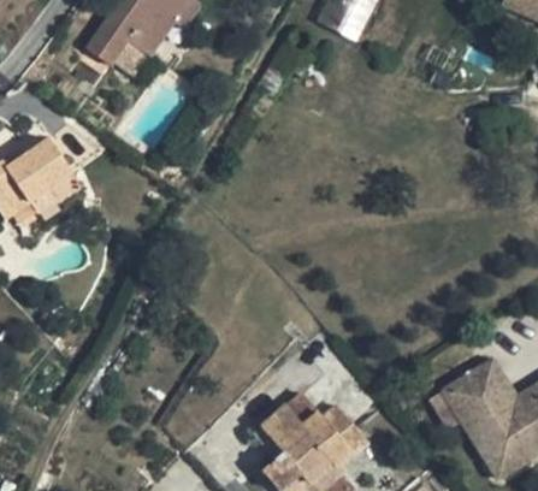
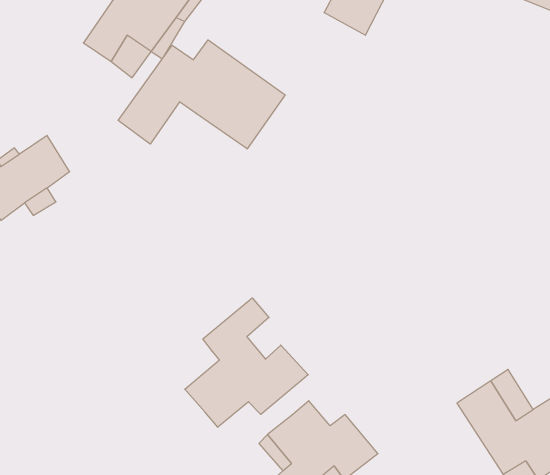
building: none -> [118,40,285,149]
building: none -> [185,298,308,427]

